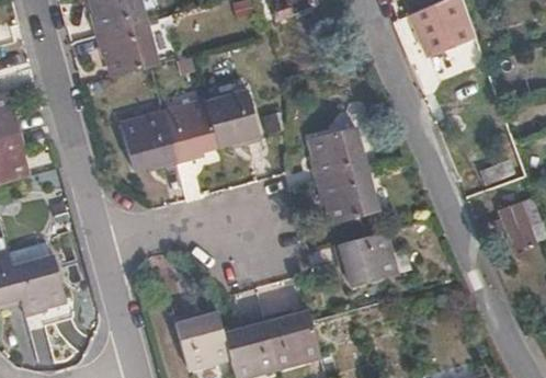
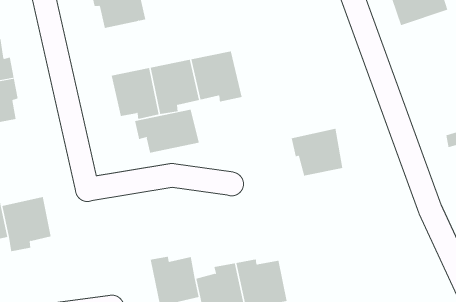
building: [311,126,364,182] -> none
building: none -> [135,109,199,154]
building: [332,234,391,290] -> none

